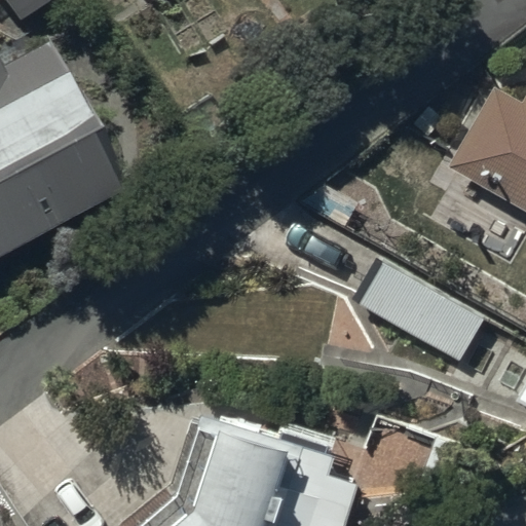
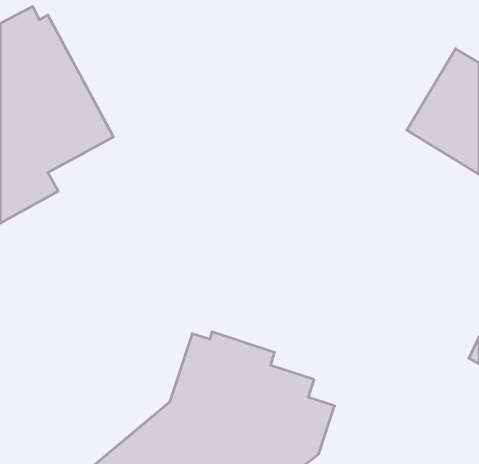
building: [358,261,491,372] -> none

